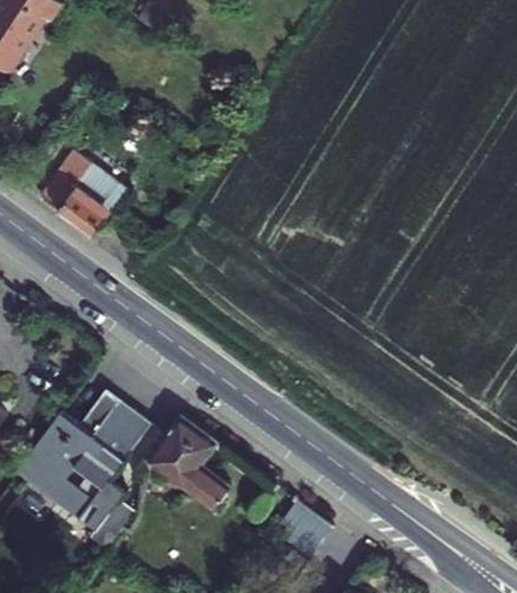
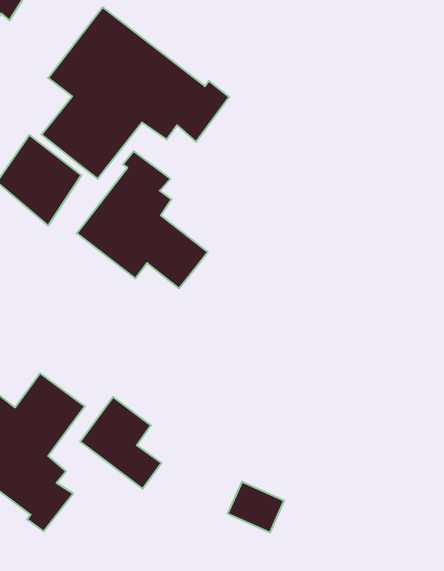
building: none -> [41,7,229,179]
building: none -> [77,151,208,288]

